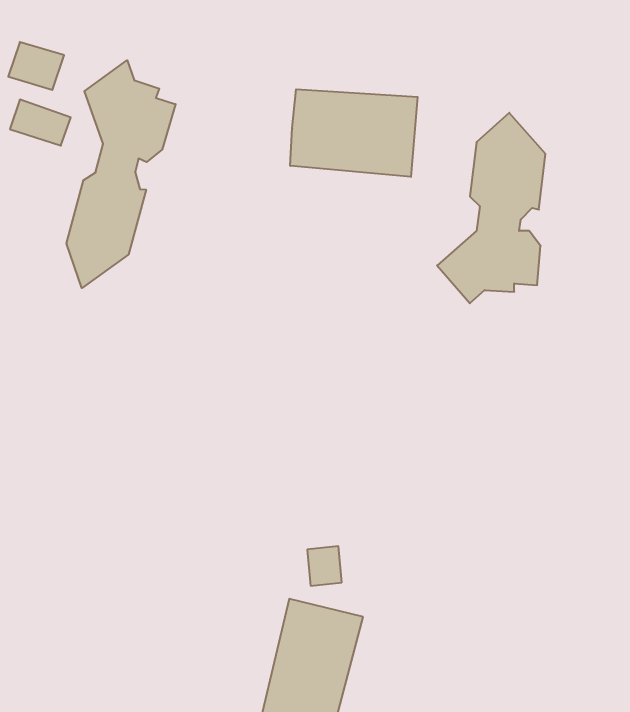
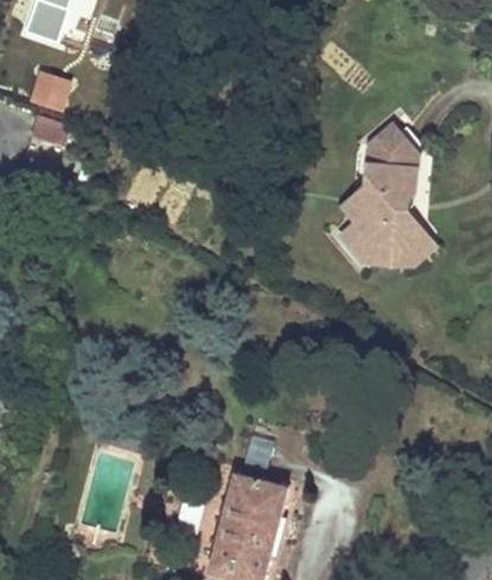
building: [67,60,176,288] -> none
building: [290,89,418,177] -> none

